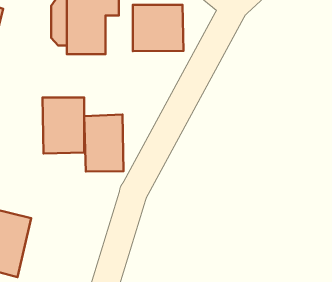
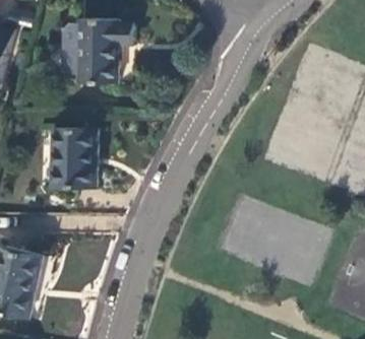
building: [133,5,184,51] -> none
building: [84,115,123,172] -> none

